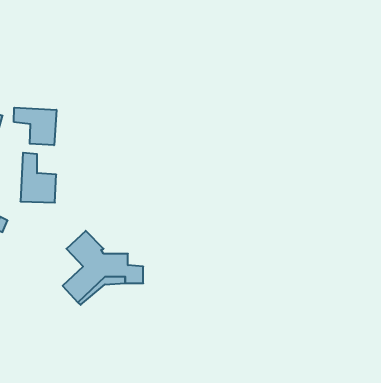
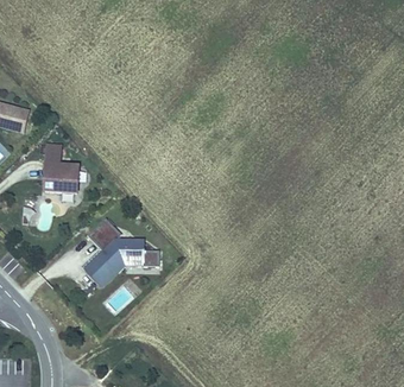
building: [14,108,56,145] -> none

